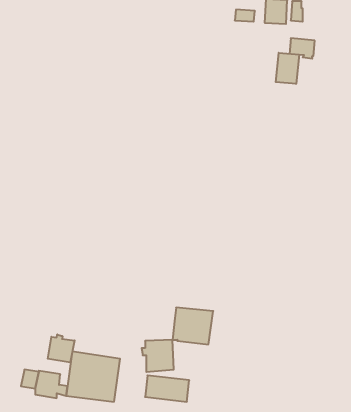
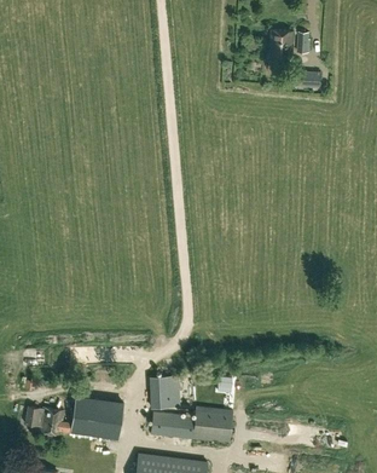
building: [276,53,299,84] -> none
building: [173,308,213,344] -> [192,406,233,444]
building: [48,334,75,362] -> none

